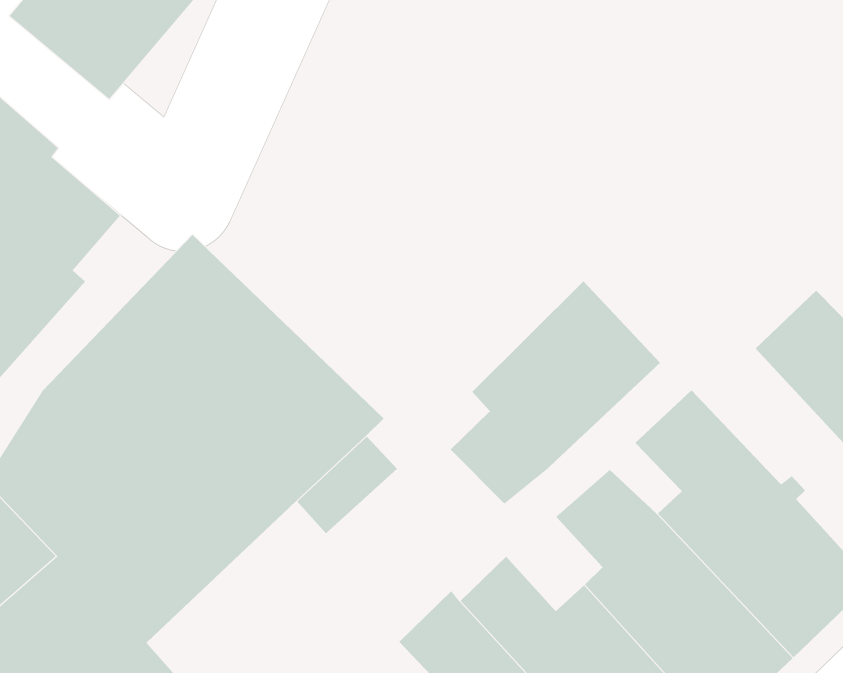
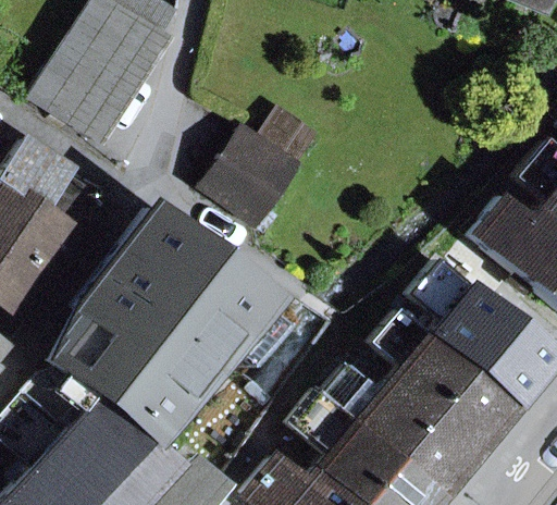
building: none -> [207,128,302,225]
building: [450,281,661,505] -> none

